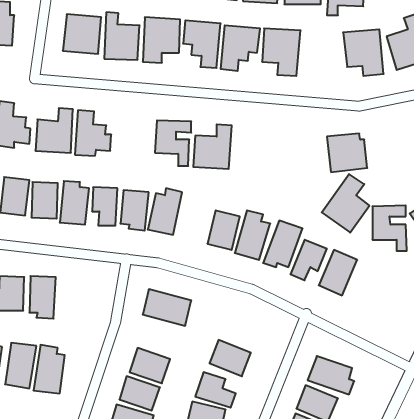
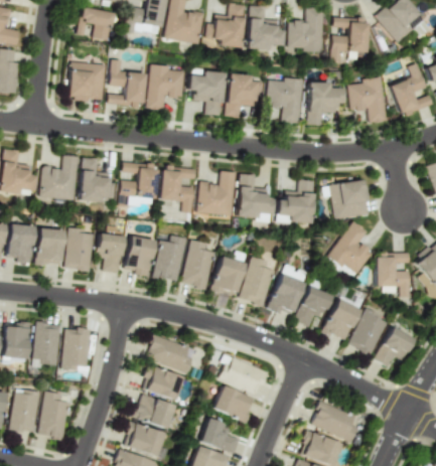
building: none -> [307,81,343,125]
building: none -> [119,162,157,206]
building: none -> [237,173,273,220]
building: none -> [276,179,313,223]
building: none -> [181,240,213,288]
building: none -> [348,307,387,355]
building: none -> [375,327,413,366]
building: none -> [62,328,91,370]
building: none -> [216,354,267,395]
building: none -> [143,366,182,399]

